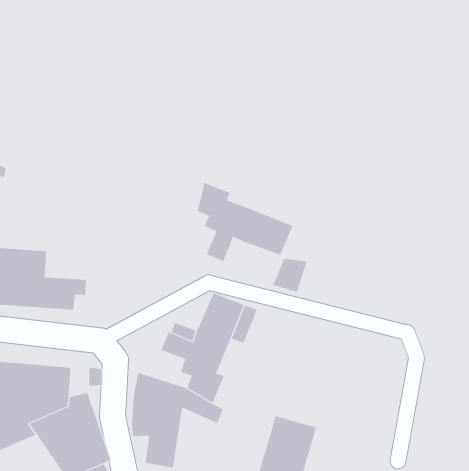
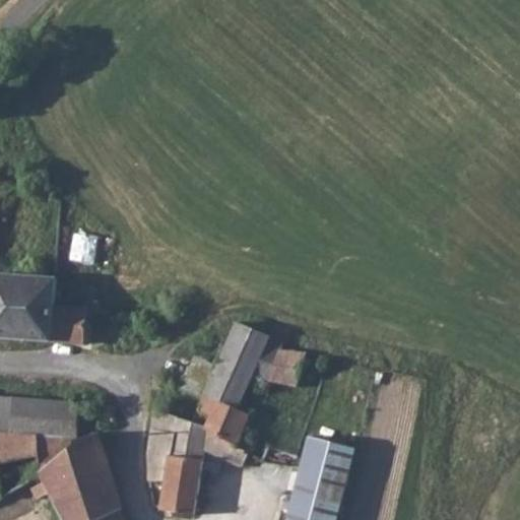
building: [197,182,293,262] -> none
building: [273,258,308,293] -> [268,349,307,387]
building: none -> [303,437,353,471]

